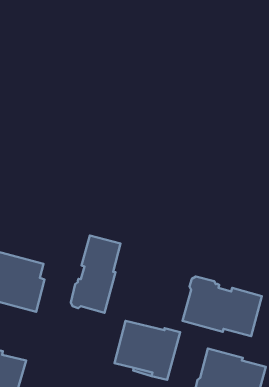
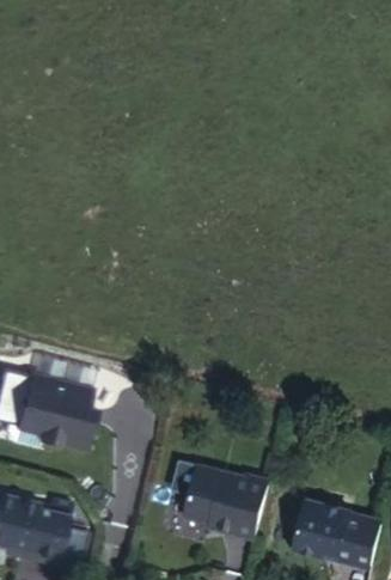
building: [71,236,121,313] -> none
building: [182,277,262,336] -> none

